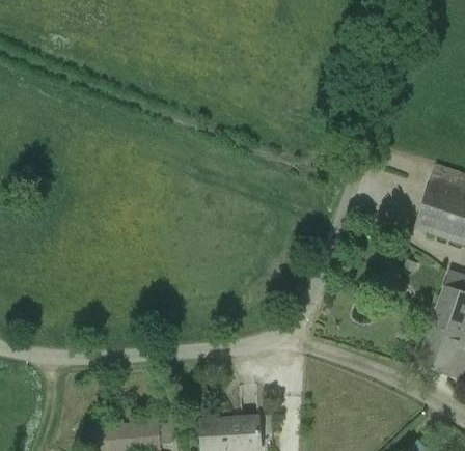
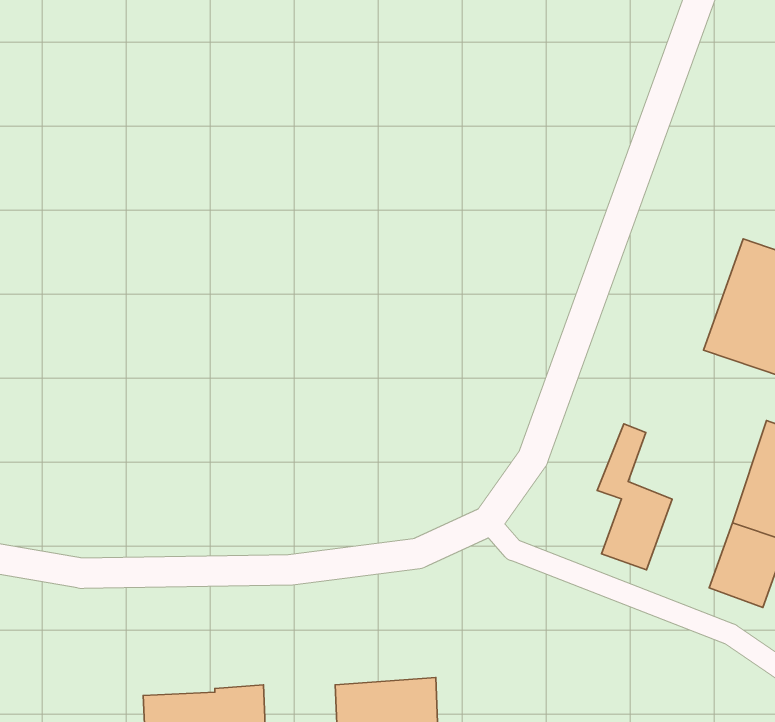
building: none -> [597,424,672,570]

